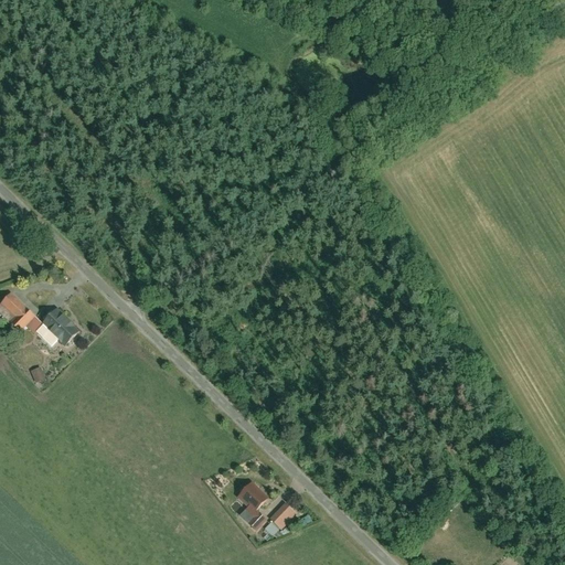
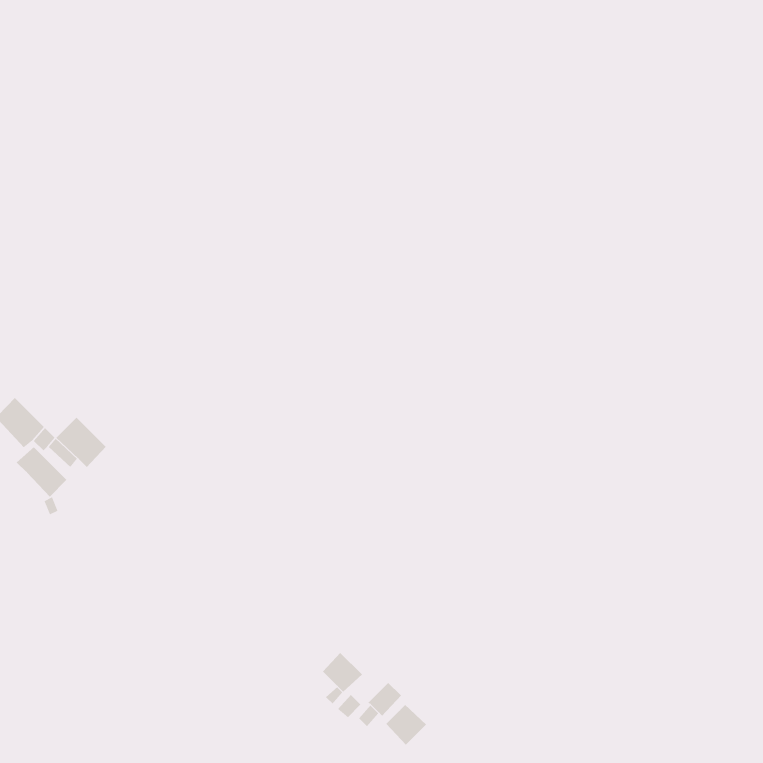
building: none -> [16,446,67,497]
building: none -> [385,704,427,746]

